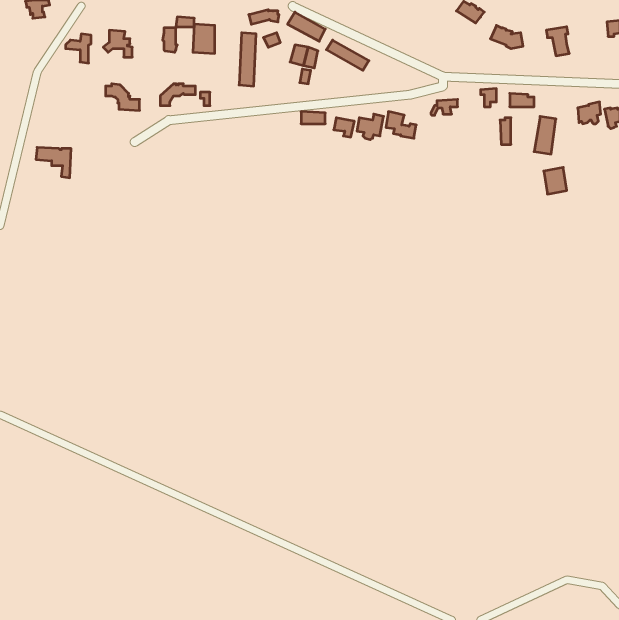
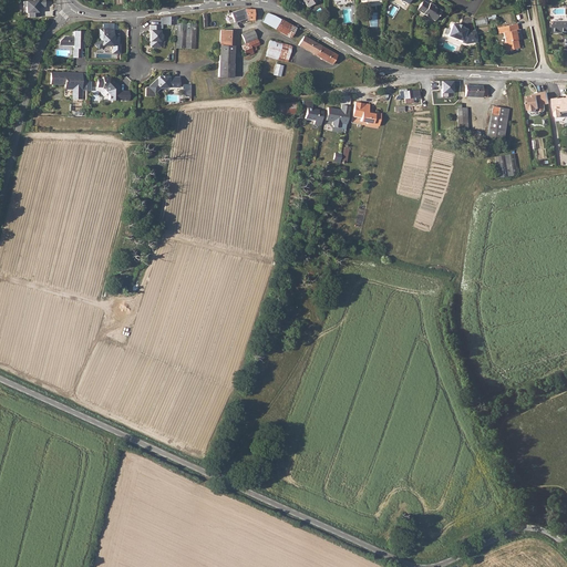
building: [36,147,71,178] -> [51,72,83,100]

